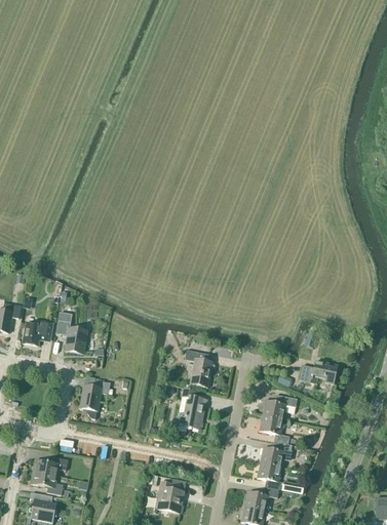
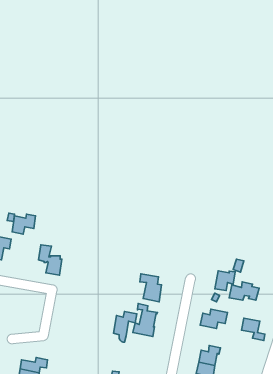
building: [23,320,52,346] -> [12,214,35,234]
building: none -> [215,271,235,291]
building: [80,379,110,418] -> [113,312,137,342]
building: [259,415,288,444] -> [241,318,265,341]

